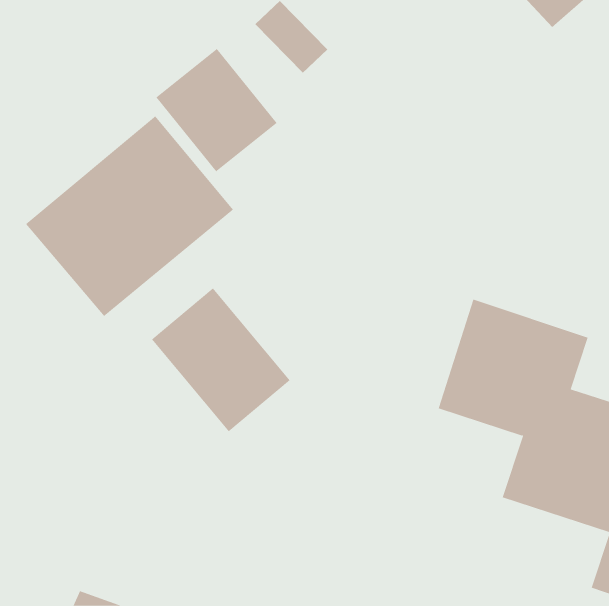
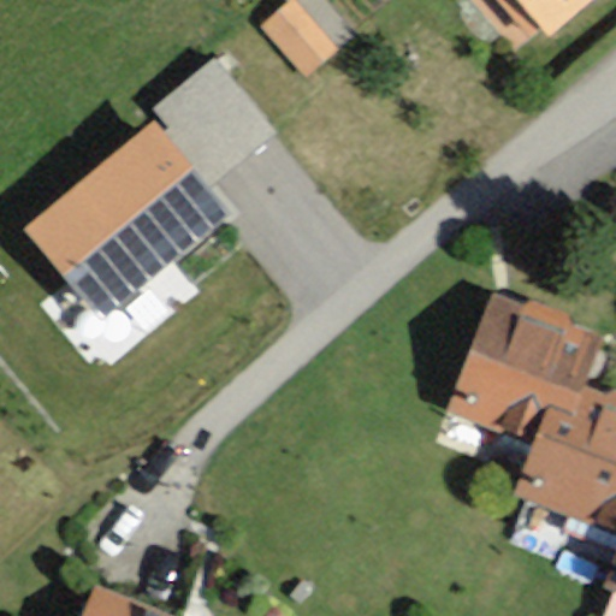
building: [151,288,290,432] -> none

